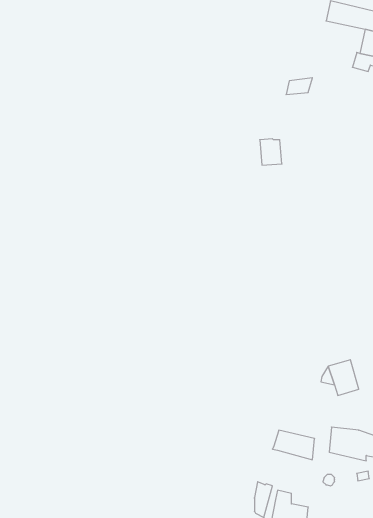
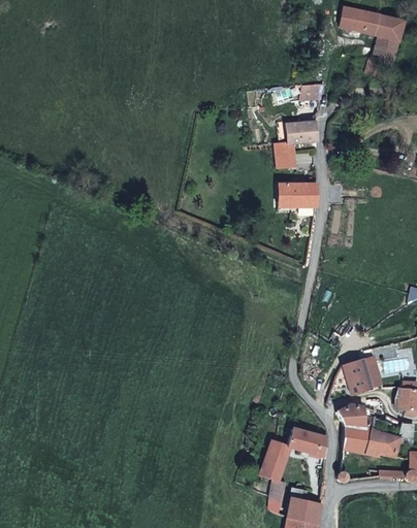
building: none -> [285,120,318,143]
building: none -> [279,184,318,207]
building: none -> [336,403,374,428]
building: none -> [259,439,292,482]

